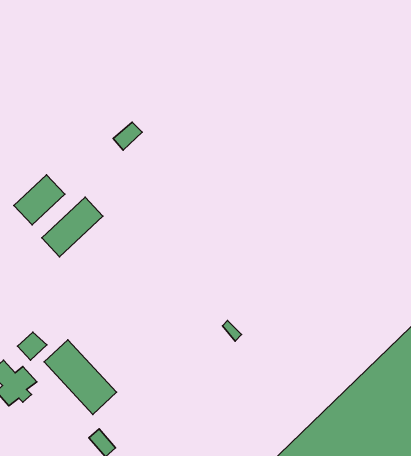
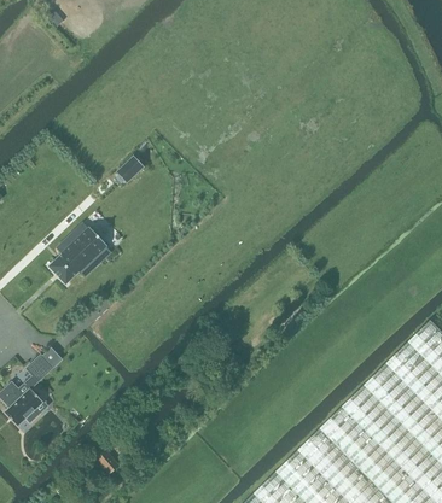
building: [14,175,65,225] -> none
building: [44,340,116,414] -> none

